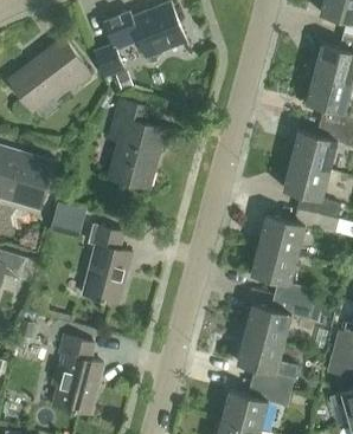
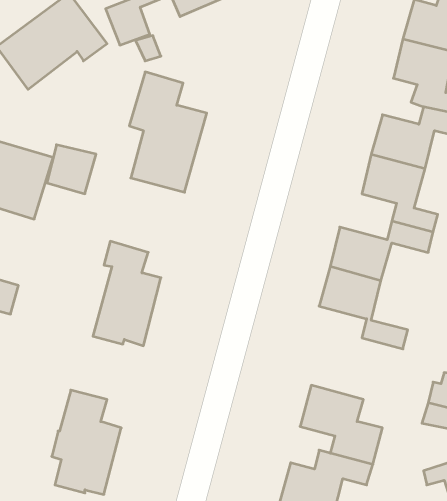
building: [50,202,86,239] -> [47,145,96,194]
building: [245,294,314,343] -> none

